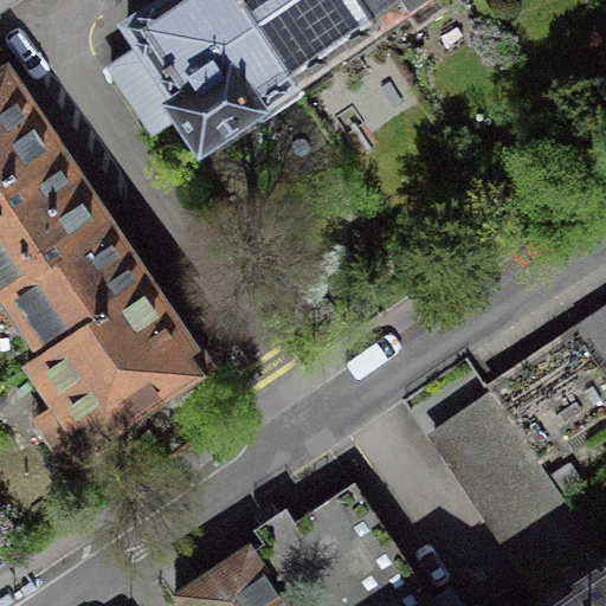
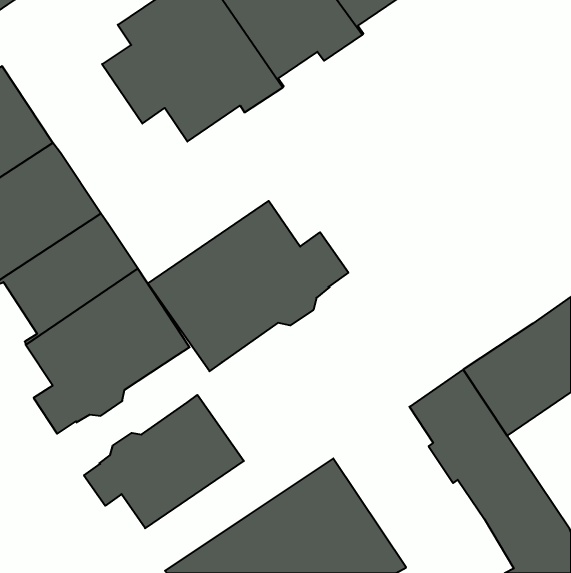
building: none -> [148,201,348,371]
building: none -> [84,395,244,528]

